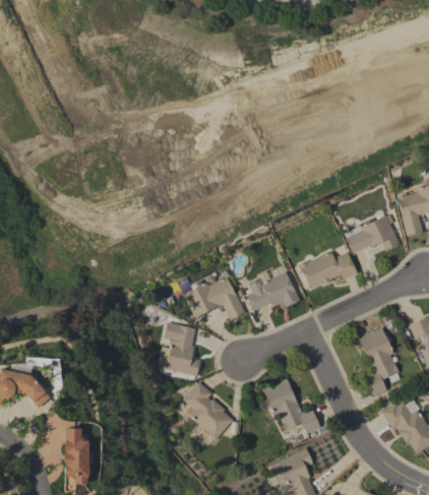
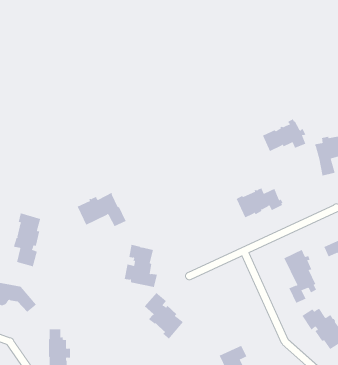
building: [345,212,400,254] -> [262,119,306,152]
building: [247,271,301,311] -> none
building: [184,276,246,320] -> [77,192,126,227]
building: none -> [13,212,41,267]
building: [263,379,321,434] -> none

